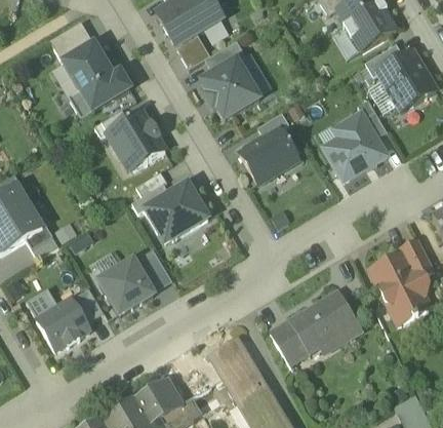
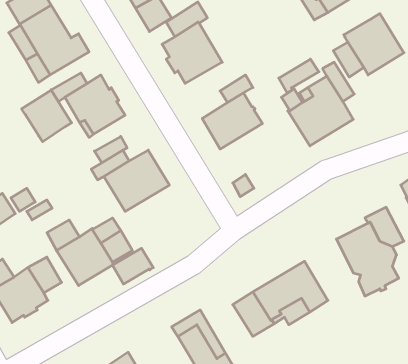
building: [365,44,404,77] -> [279,59,319,93]
building: none -> [22,90,72,142]
building: none -> [112,248,153,284]

